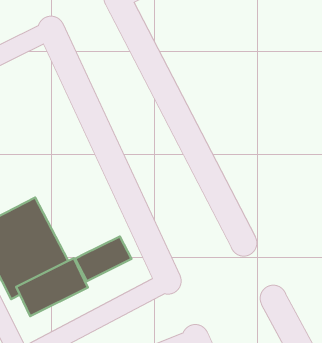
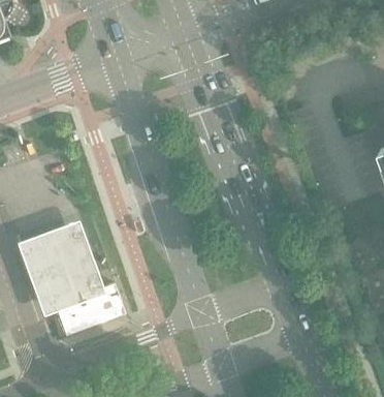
building: [75,237,131,281] -> none

